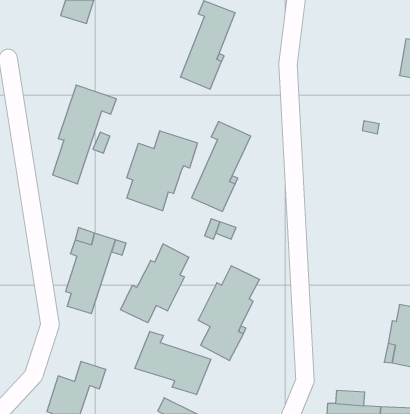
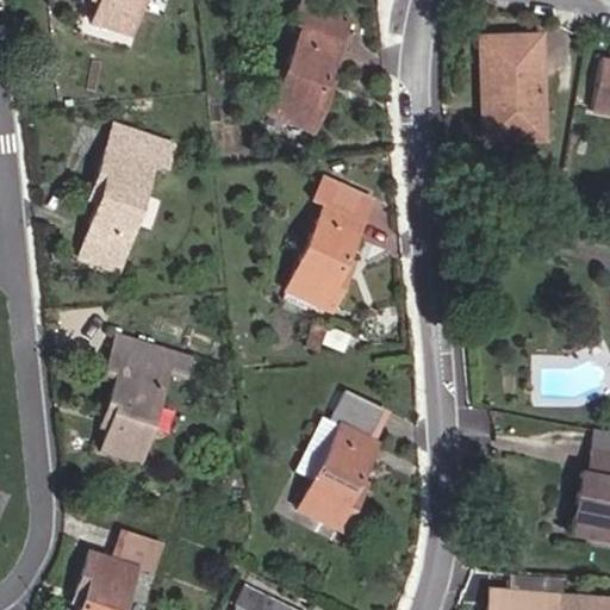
building: none -> [483,36,544,139]
building: [127,131,198,211] -> none
building: [120,244,189,323] -> none
building: [135,331,211,395] -> none

